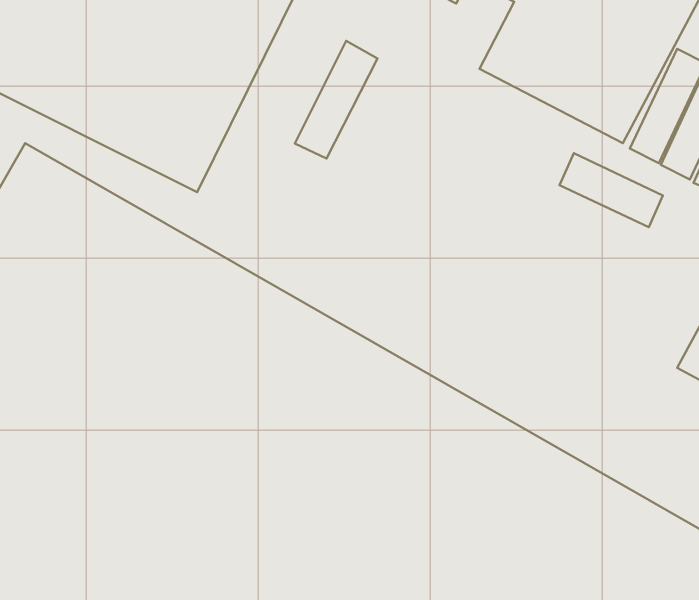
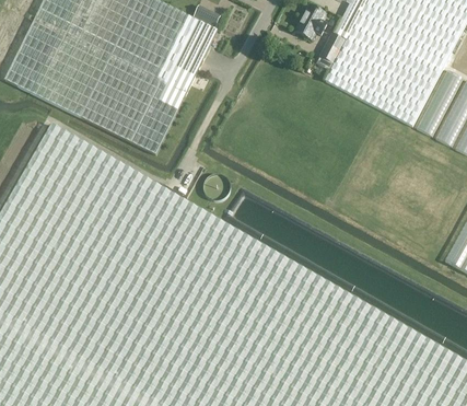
building: [295,41,377,158] -> none
building: [560,153,663,227] -> none

